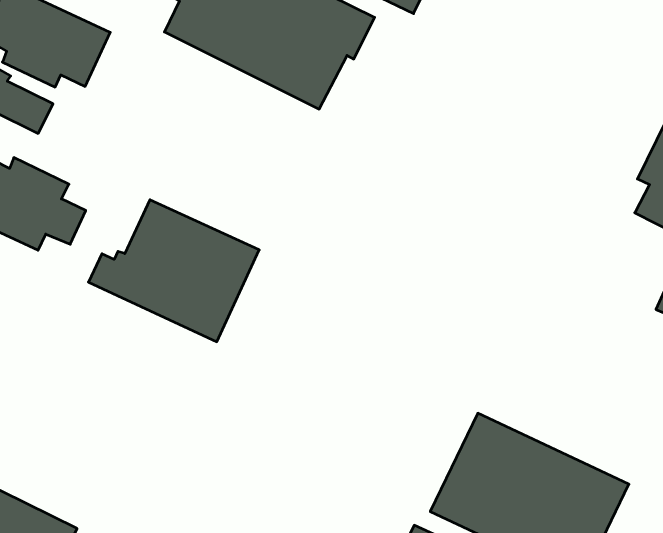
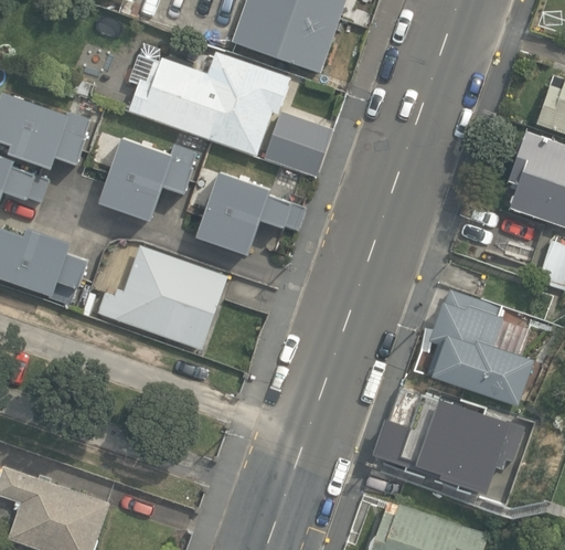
building: none -> [98,136,196,219]
building: none -> [265,125,322,174]
building: none -> [194,170,305,253]
building: none -> [429,290,533,411]

